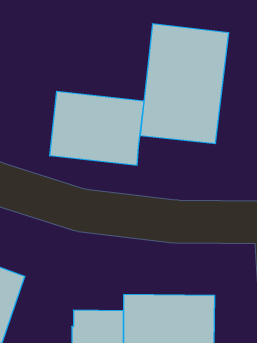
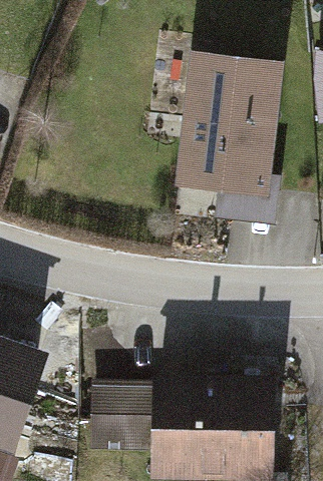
building: [50,91,144,165] -> none

